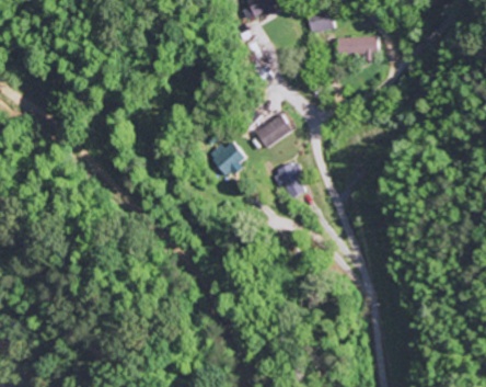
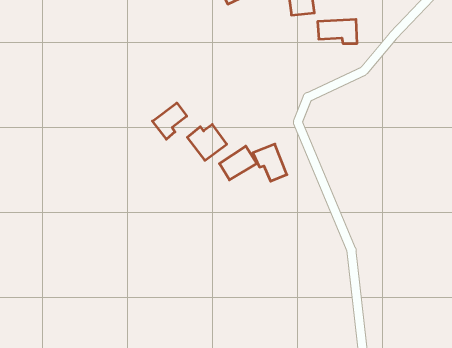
building: [255,113,292,147] -> [219,146,257,180]
building: none -> [152,103,187,139]

